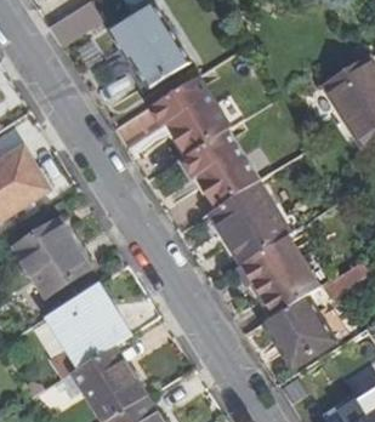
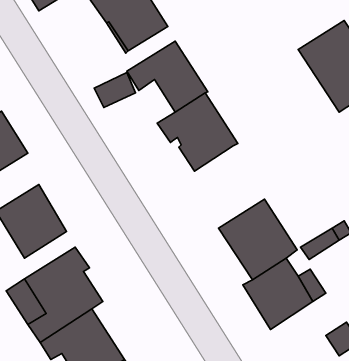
building: [208,182,288,264] -> none

